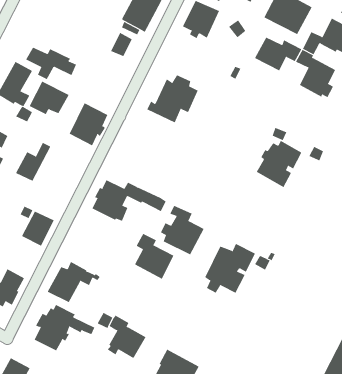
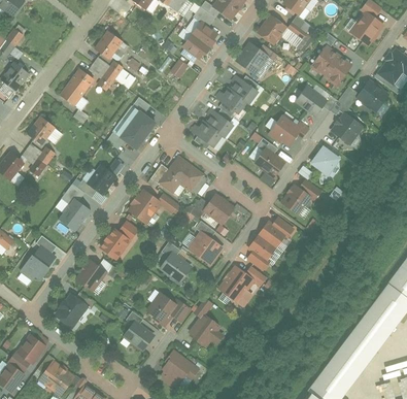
building: none -> [214,72,264,112]
building: none -> [264,110,310,145]
building: [29,81,69,115] -> [93,28,131,60]
building: none -> [309,140,342,174]
building: none -> [248,130,287,178]
building: none -> [152,153,206,197]
building: [15,142,51,182] -> [89,165,125,199]
building: none -> [191,190,236,224]
building: none -> [246,214,295,269]
building: none -> [99,218,140,260]
building: none -> [188,297,225,345]
building: none -> [145,290,192,327]

